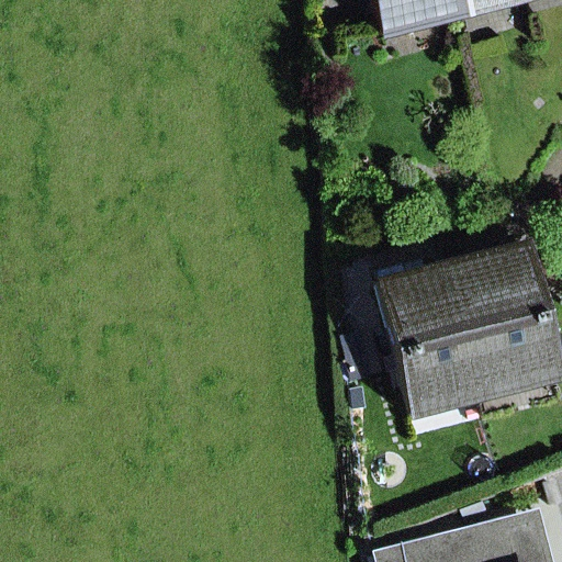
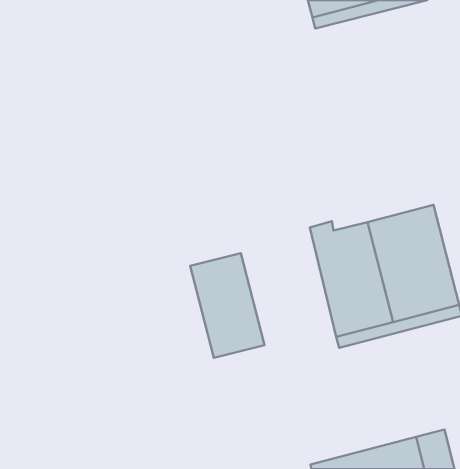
building: none -> [190,253,264,358]

